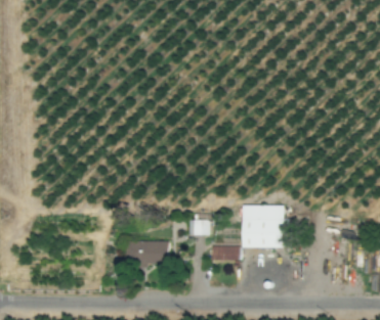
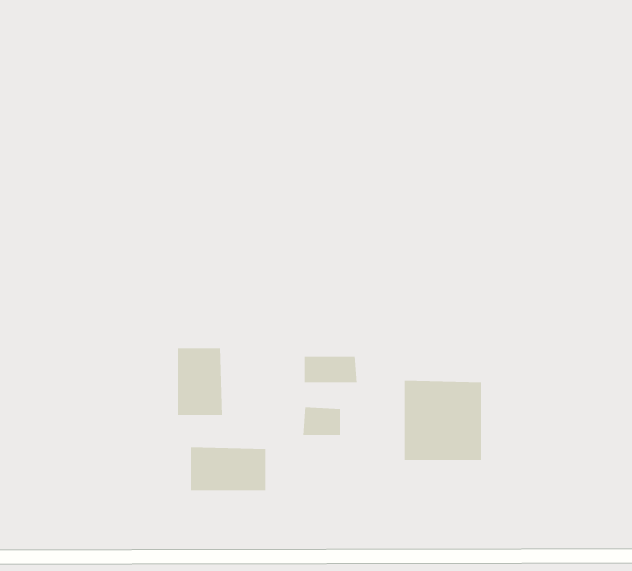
building: none -> [178,348,222,416]
building: [211,246,240,261] -> [304,356,357,383]

